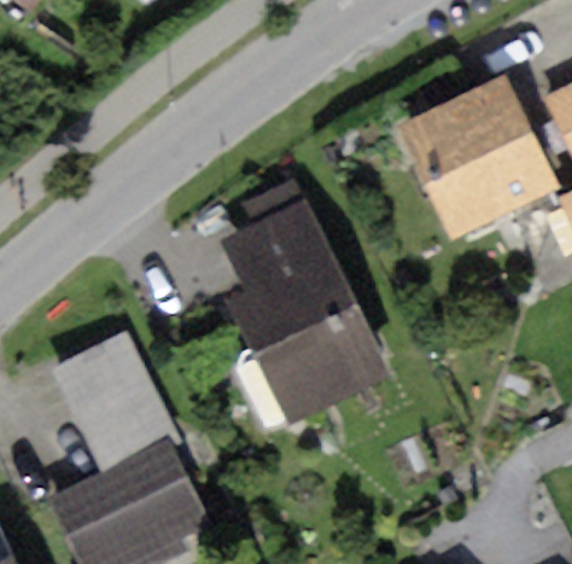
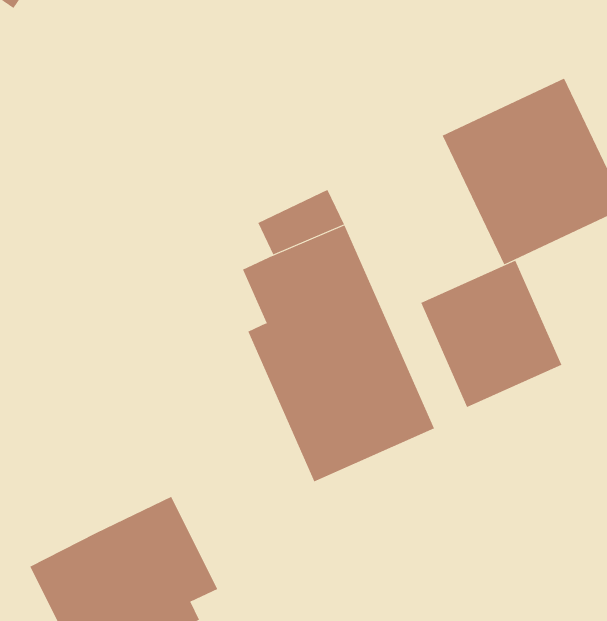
building: none -> [420,260,562,408]
building: [52,333,177,469] -> none

